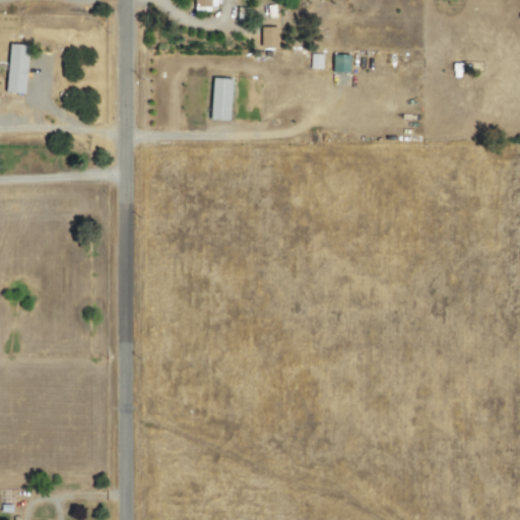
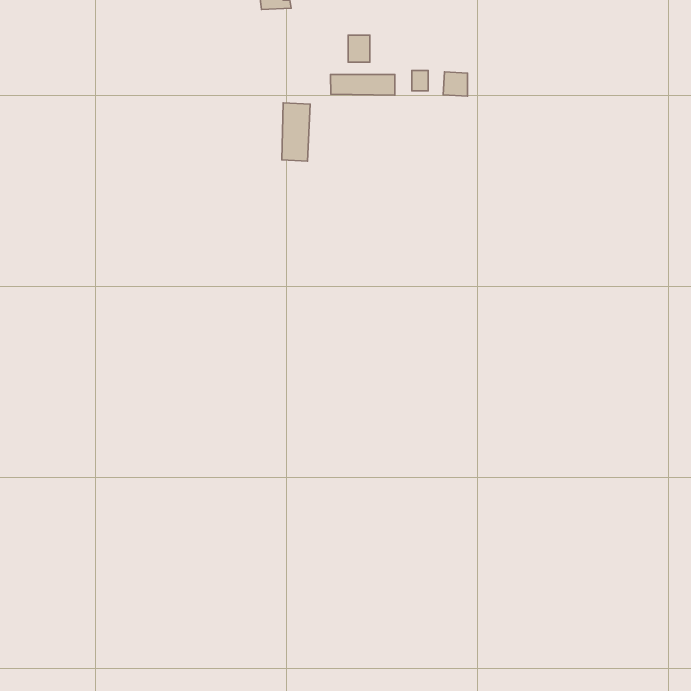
building: [8,44,29,93] -> none
building: none -> [331,75,395,95]

